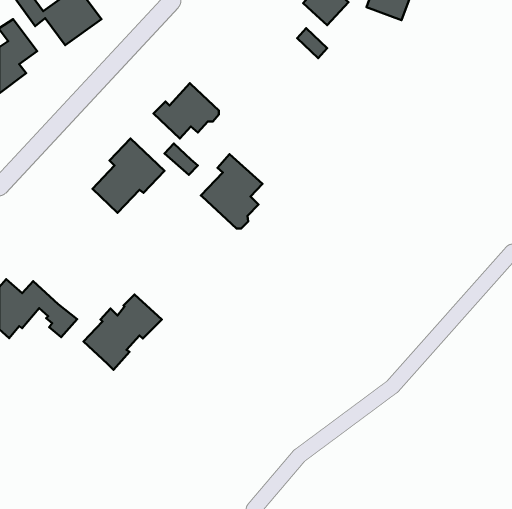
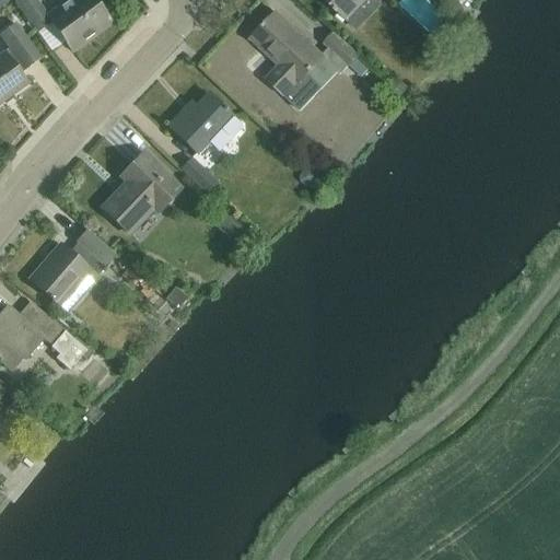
building: none -> [249,12,324,108]
building: [201,154,262,228] -> none
building: [83,294,162,370] -> [31,228,116,310]

